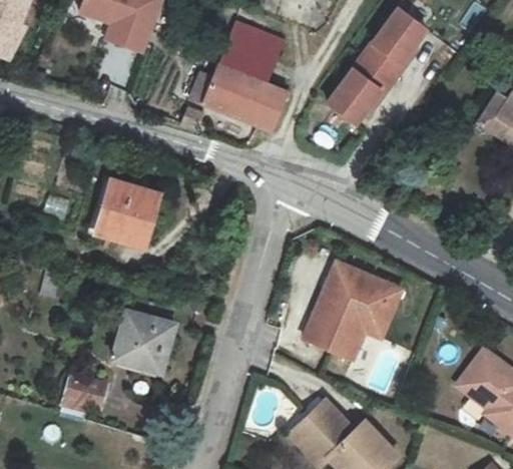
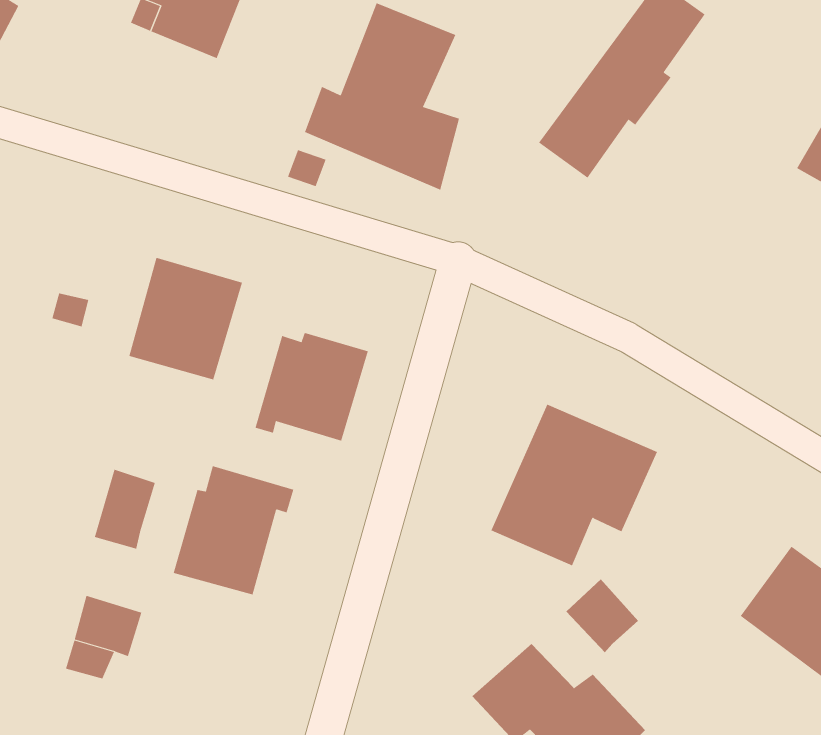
building: none -> [255,332,369,441]
building: none -> [94,469,155,549]
building: none -> [565,579,639,653]

